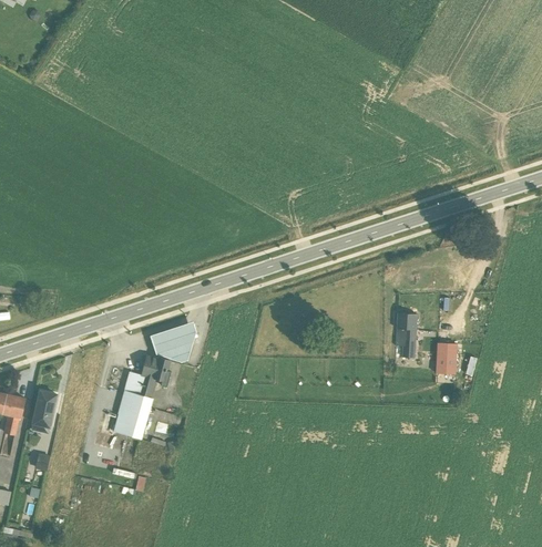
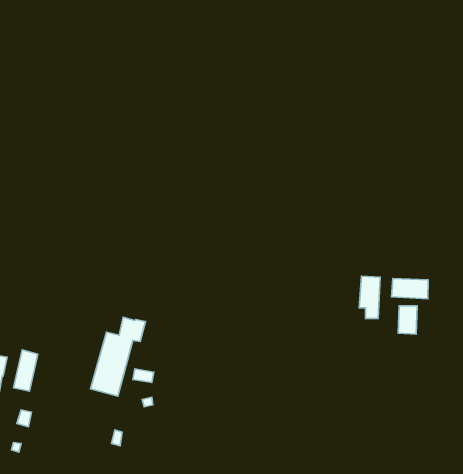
building: none -> [392,278,428,299]
building: [149,319,195,359] -> none

